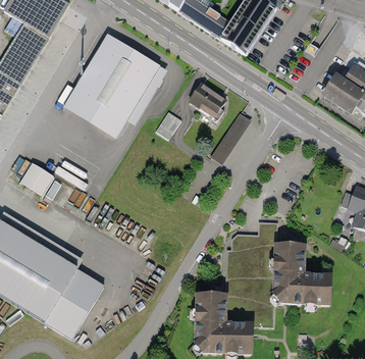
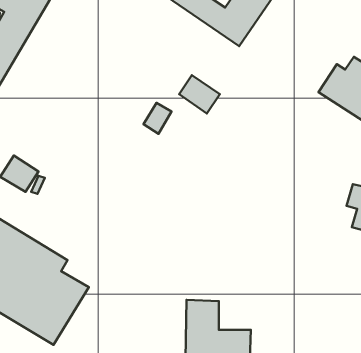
building: [64,33,167,138] -> none
building: [209,112,250,164] -> none
building: [272,247,334,304] -> none

